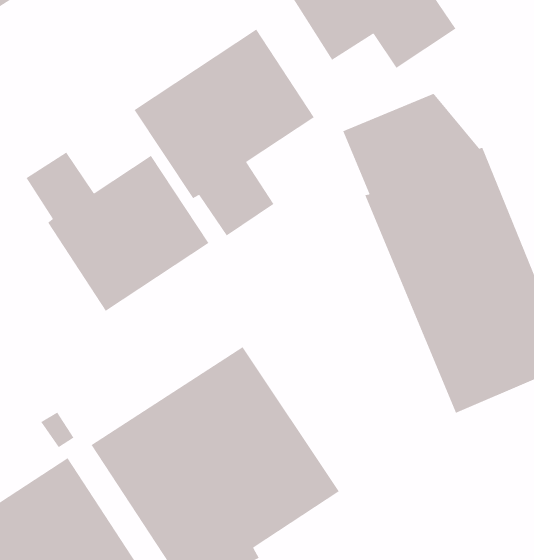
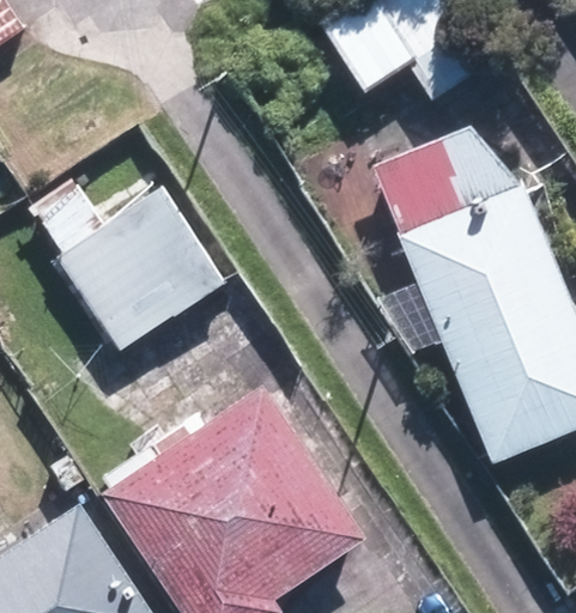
building: [133,29,315,236] -> none

